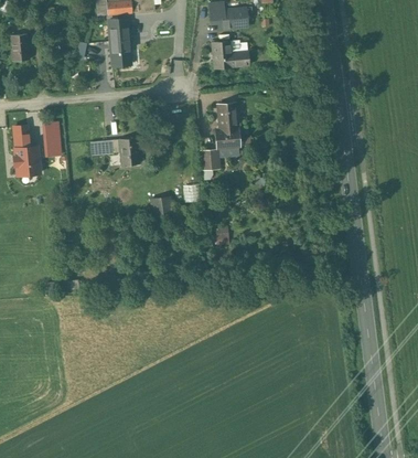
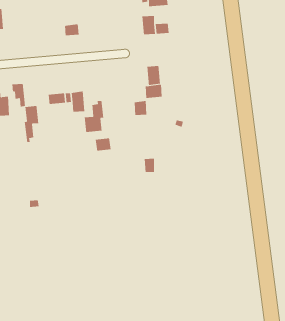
building: [109,25,128,53] -> none
building: none -> [84,100,104,133]
building: none -> [24,105,39,143]

